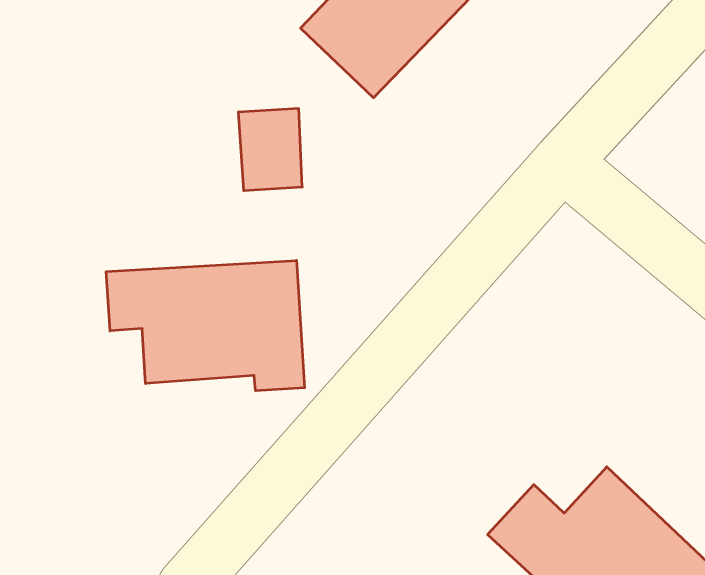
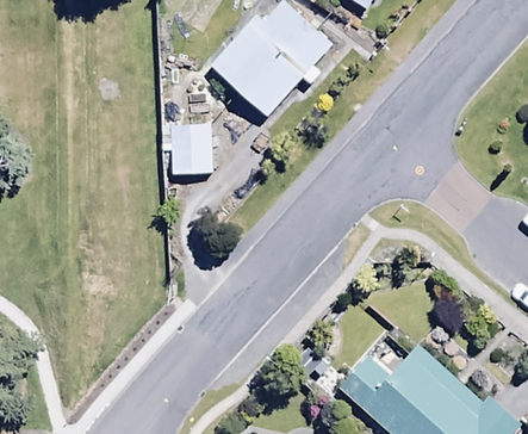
building: [106,260,305,391] -> none

